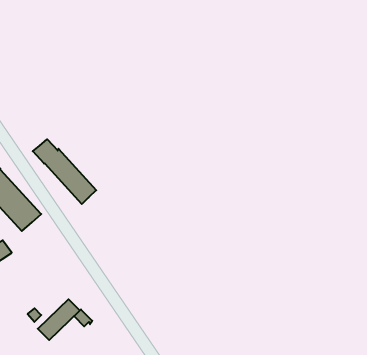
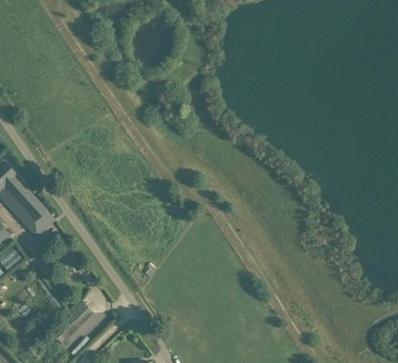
building: [33,139,96,204] -> none

